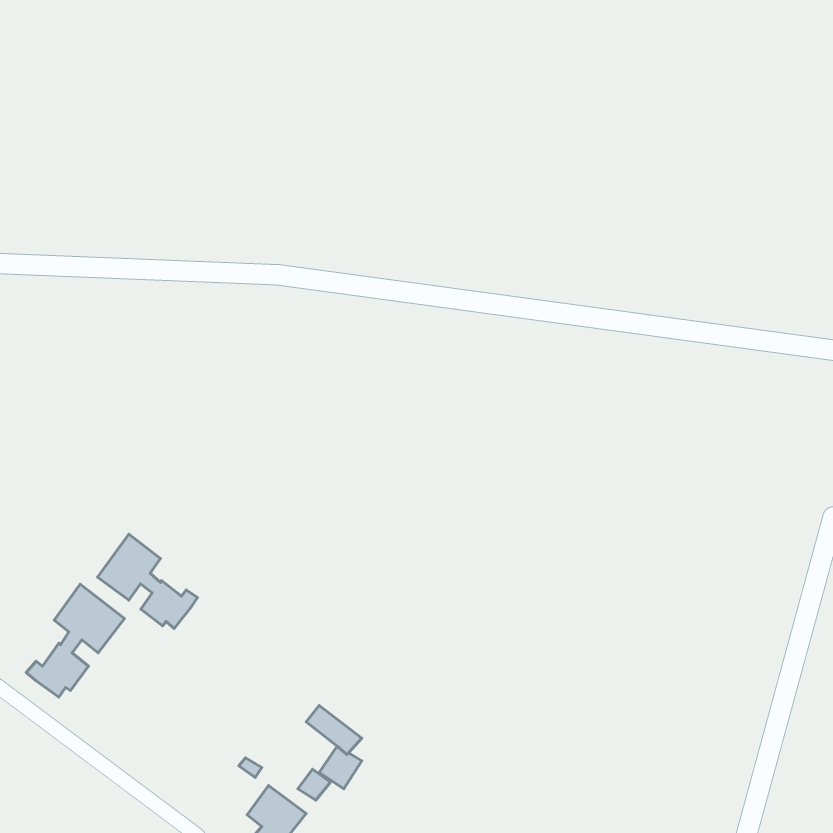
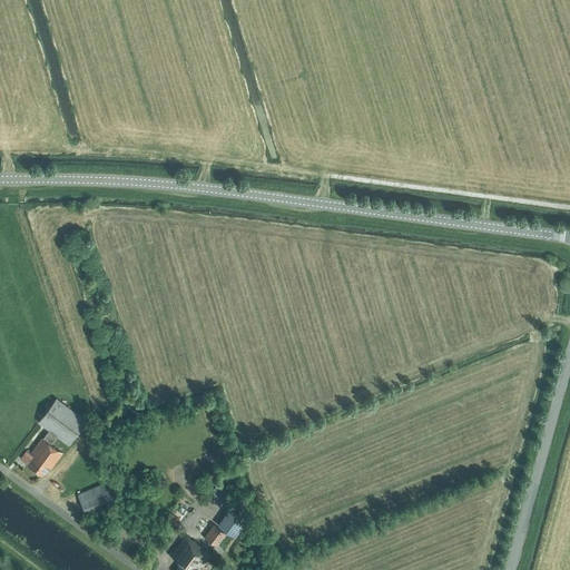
building: [98,534,198,628] -> none
building: none -> [76,483,116,515]

